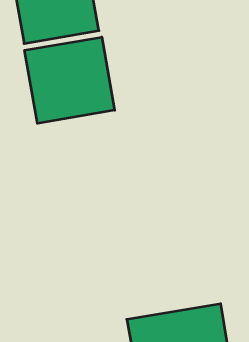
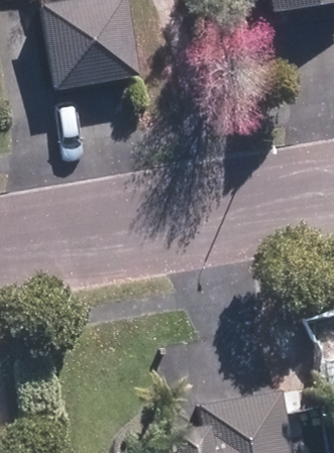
building: [25,37,115,123] -> none

